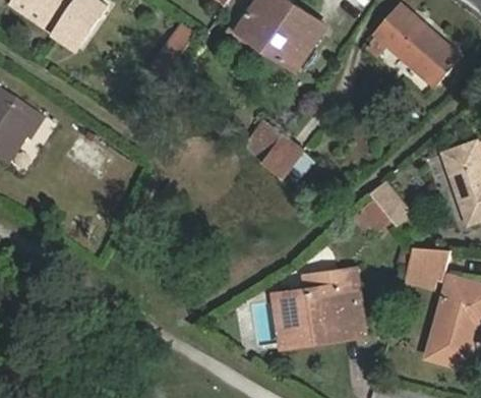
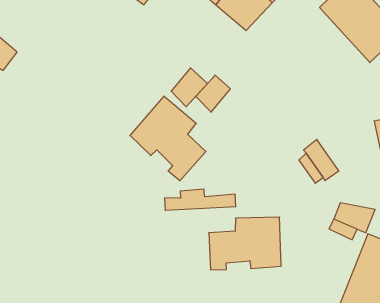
building: [264,135,303,178] -> [171,68,207,107]
building: none -> [130,96,206,181]
building: [282,320,360,347] -> [165,189,236,210]

